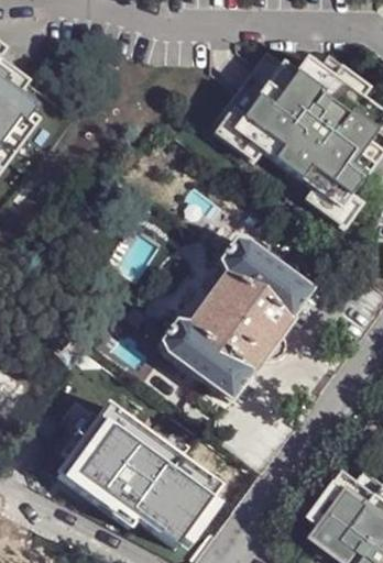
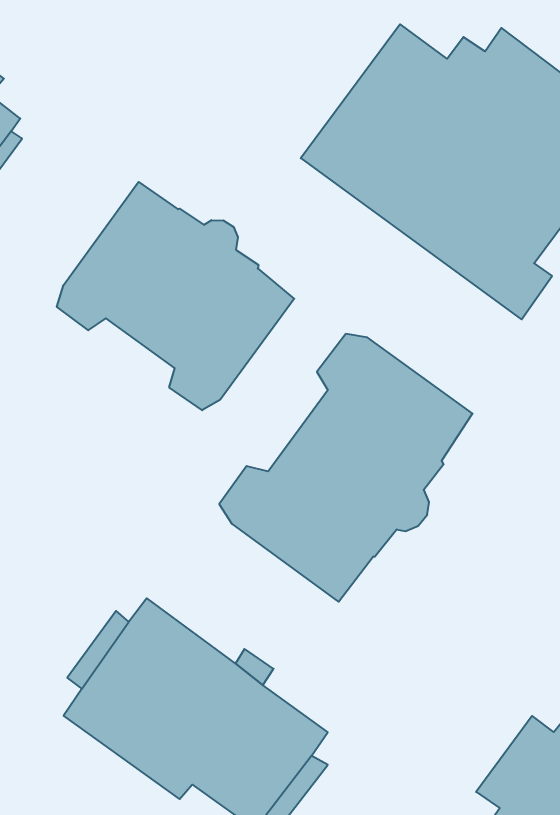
building: none -> [57,182,294,410]

